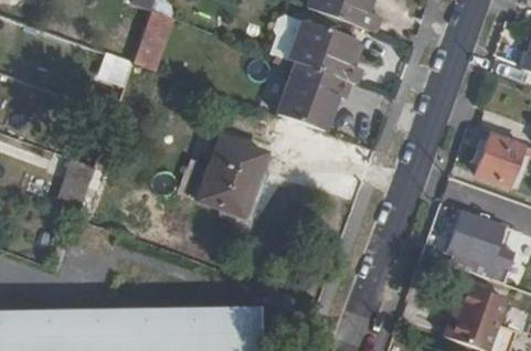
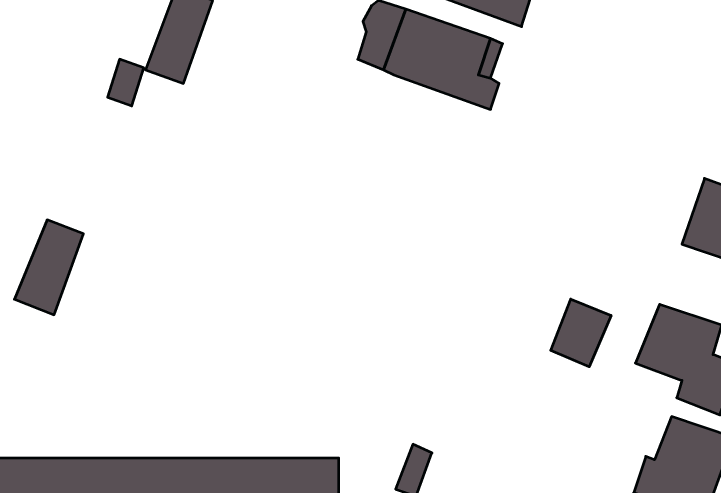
building: [276,64,354,131] -> none
building: [198,138,266,226] -> none
building: none -> [551,299,611,367]

